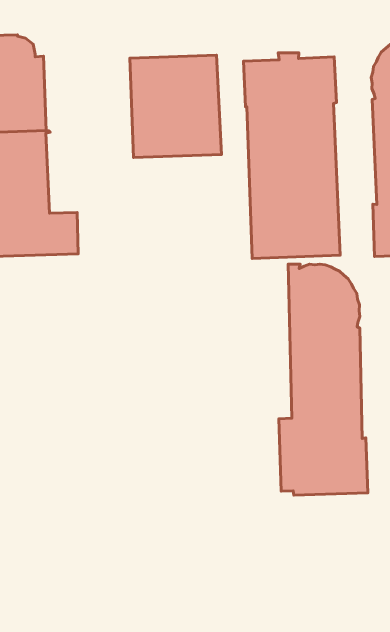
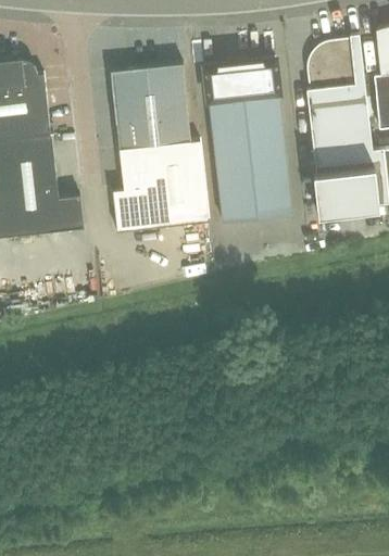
building: none -> [112,141,209,231]
building: [279,264,368,495] -> none

